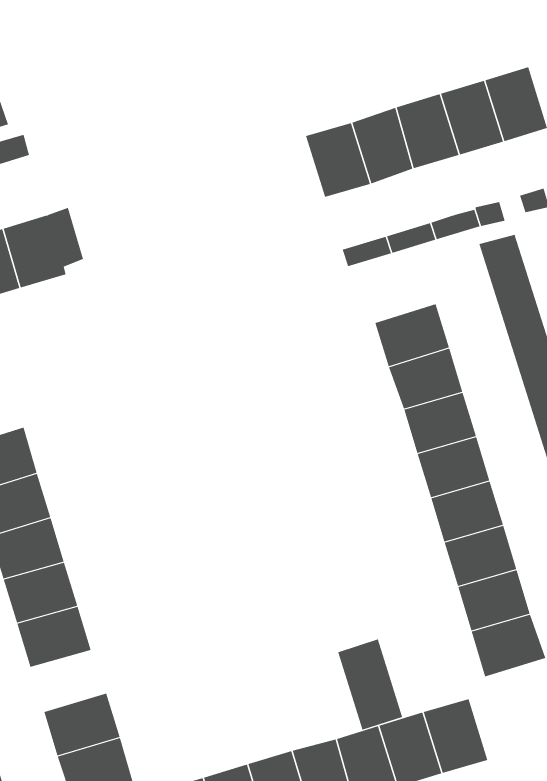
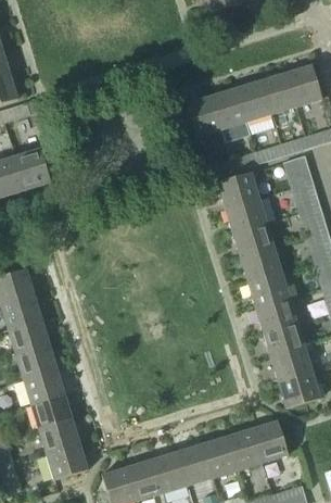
building: none -> [217,172,259,209]
building: [338,639,403,731] -> none
building: none -> [30,393,74,428]

